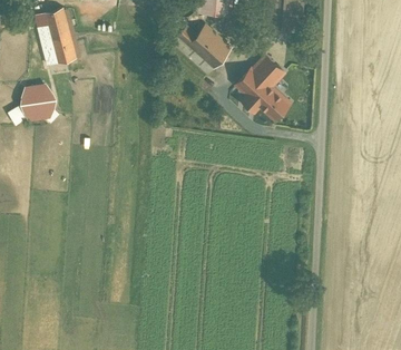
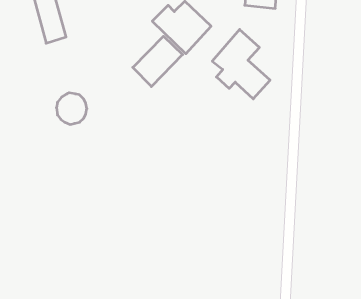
building: none -> [133,36,183,87]
building: [22,82,55,116] -> [56,93,87,124]

